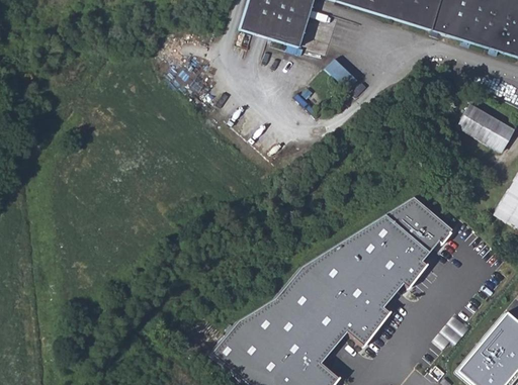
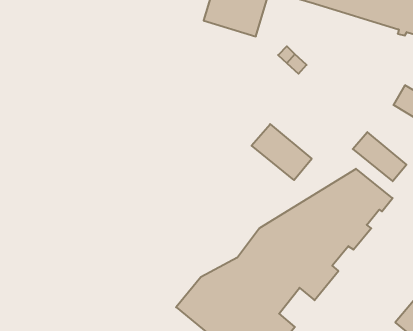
building: none -> [252,124,312,180]
building: none -> [353,132,406,181]

